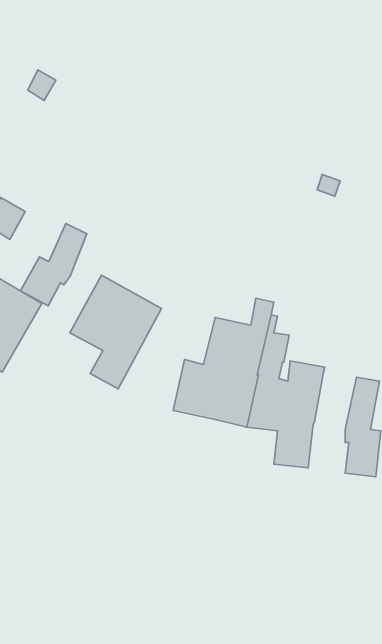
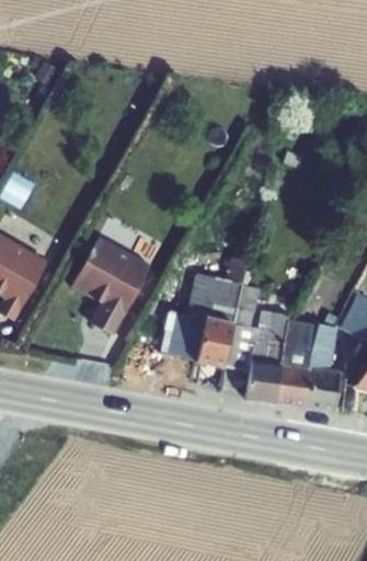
building: [21,223,87,306] -> none
building: none -> [276,320,318,407]

